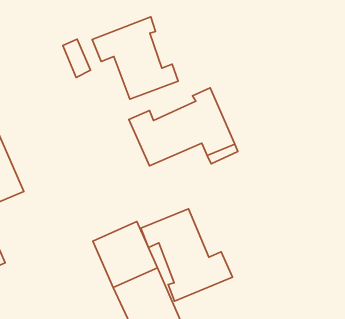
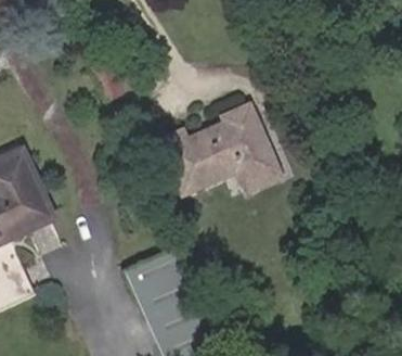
building: [92,17,178,99] -> none
building: [141,209,232,301] -> none

